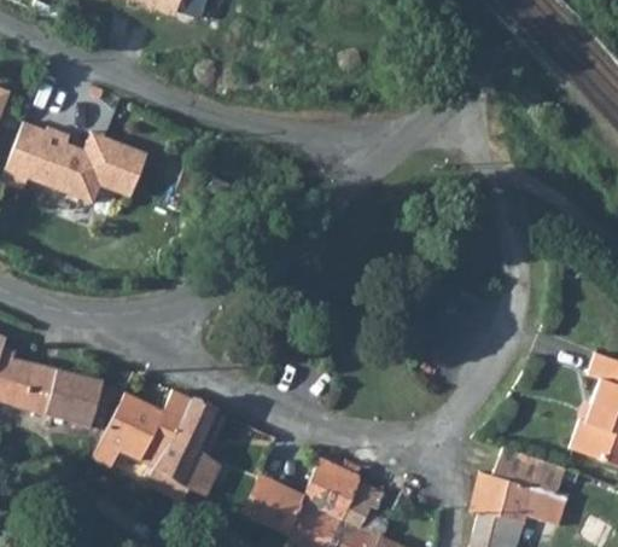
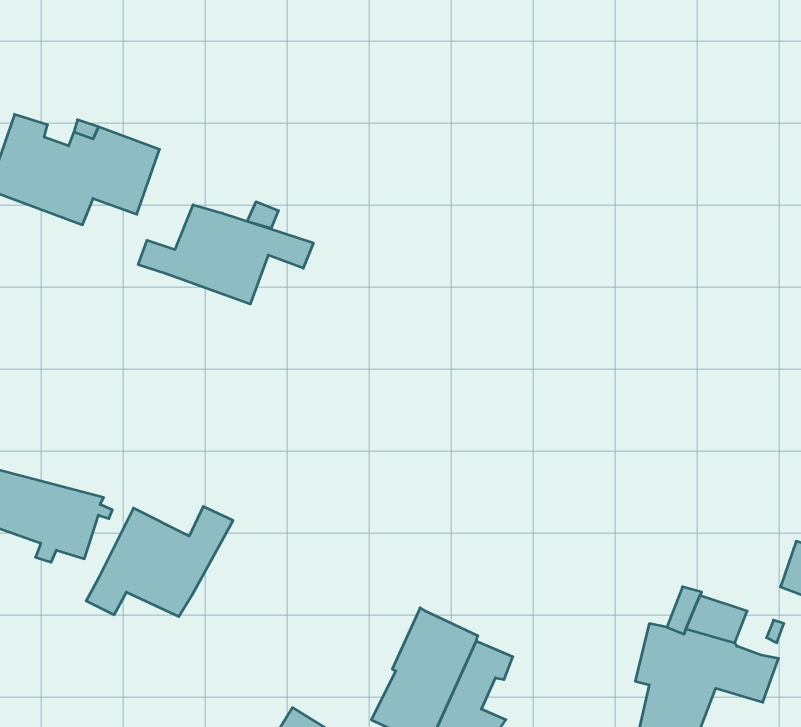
building: none -> [138,205,313,304]
building: [142,401,225,506] -> none
building: [252,484,299,534] -> none

